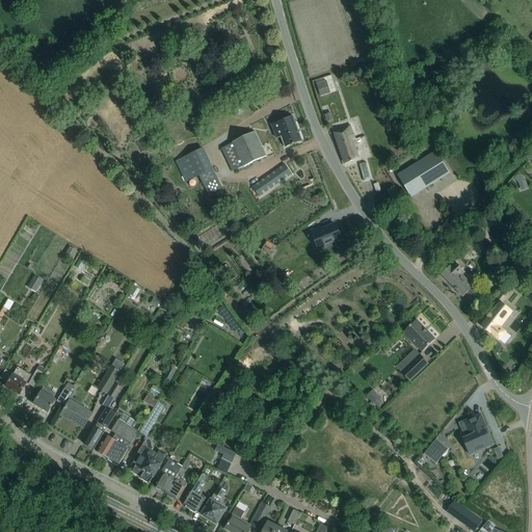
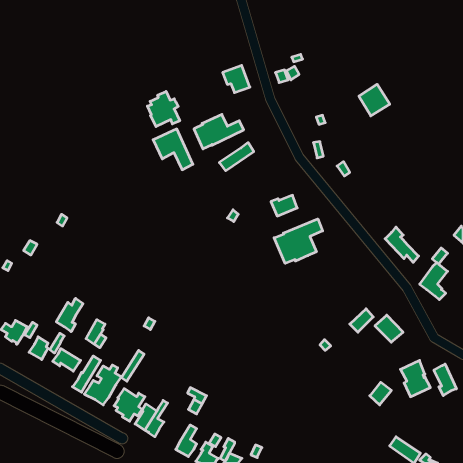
building: none -> [147,91,180,127]
building: [271,115,302,147] -> [223,65,250,93]
building: [334,125,358,162] -> none
building: [406,155,442,191] -> [359,84,390,116]
building: none -> [274,219,323,263]
building: [403,319,435,350] -> [375,315,403,342]
building: none -> [56,298,83,332]
building: none -> [434,364,456,396]
building: [183,472,208,511] -> none

